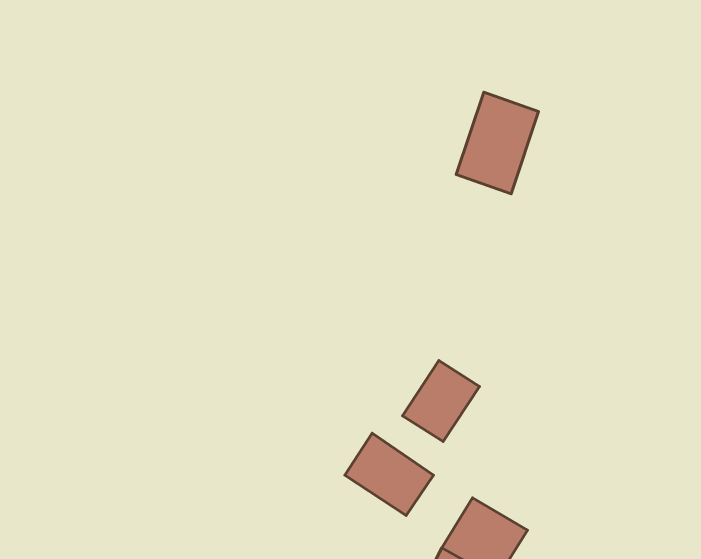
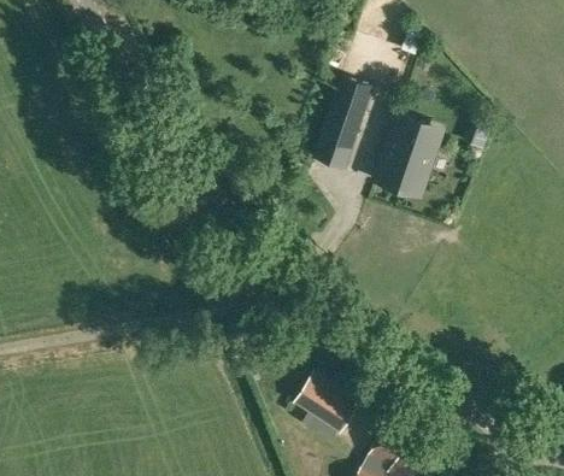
building: none -> [312,81,374,175]
building: [402,361,480,442] -> none

